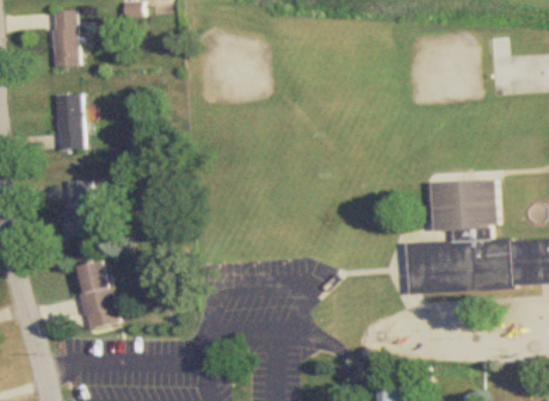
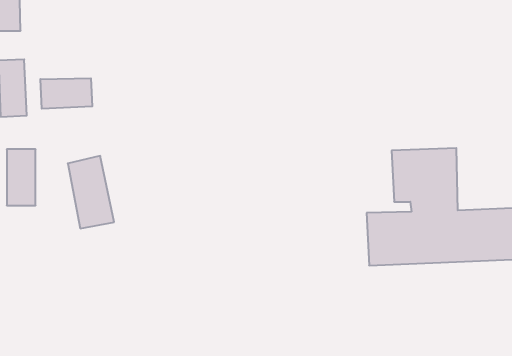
building: none -> [40,78,92,109]
building: [74,260,118,329] -> [68,156,114,228]

